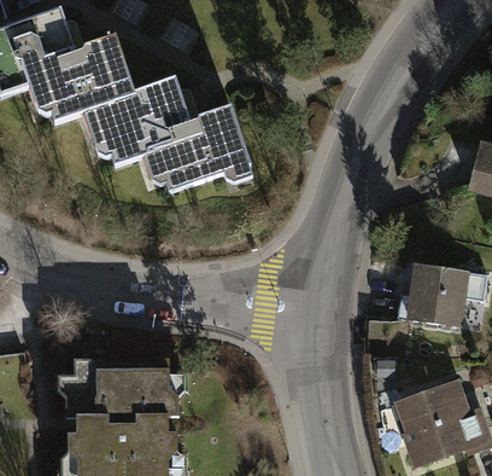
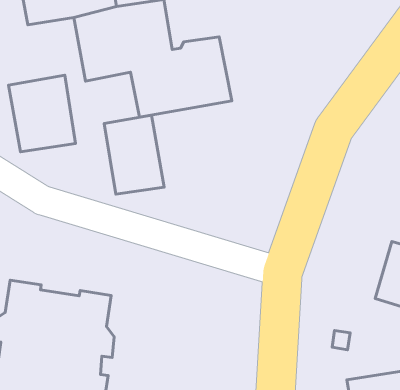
building: none -> [9,75,76,152]
building: none -> [104,115,164,194]

